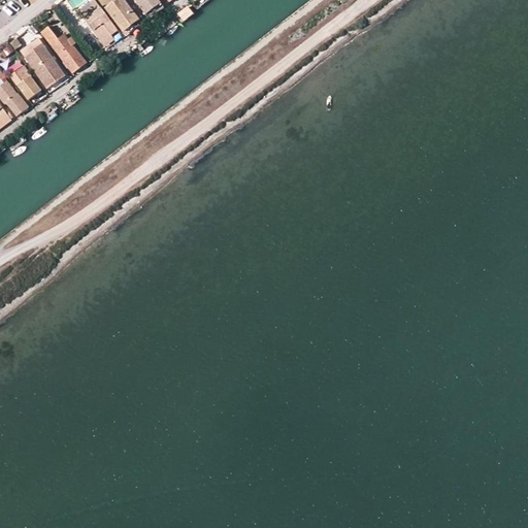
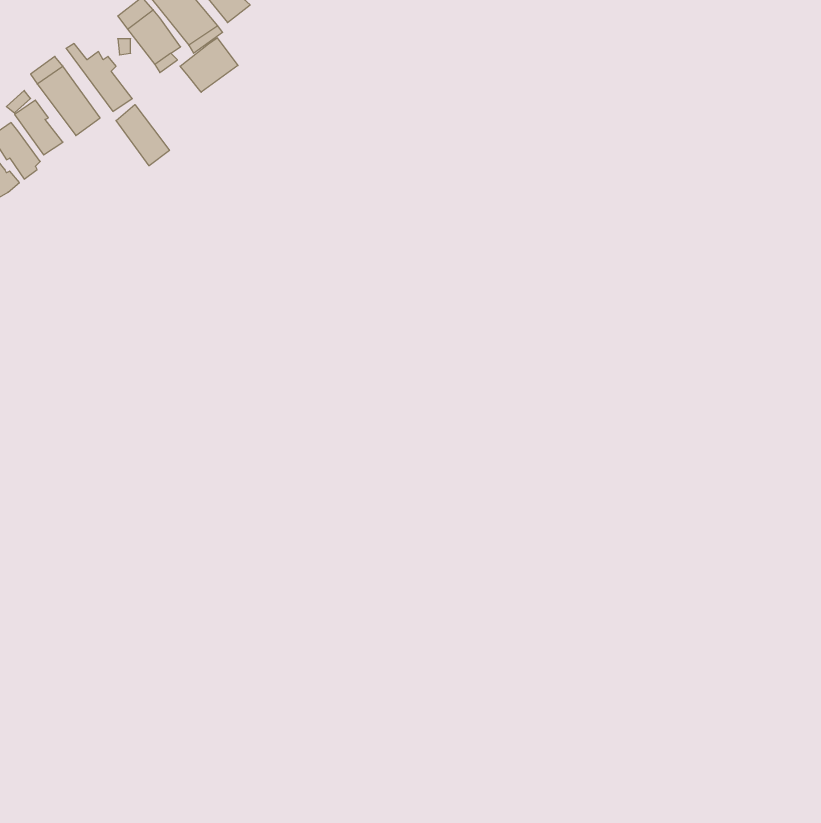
building: none -> [180,38,238,92]
building: none -> [116,105,169,166]

